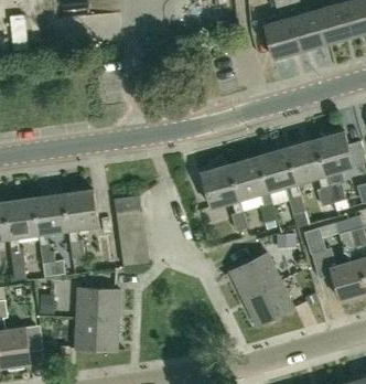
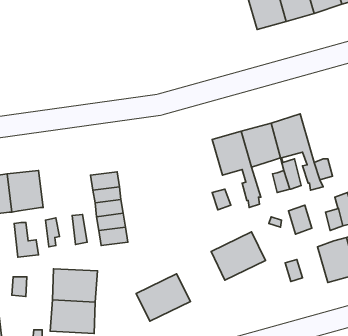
building: [314,132,353,174] -> none
building: [202,164,240,206] -> none
building: [65,190,99,230] -> none
building: [243,280,294,326] -> [136,274,190,321]

